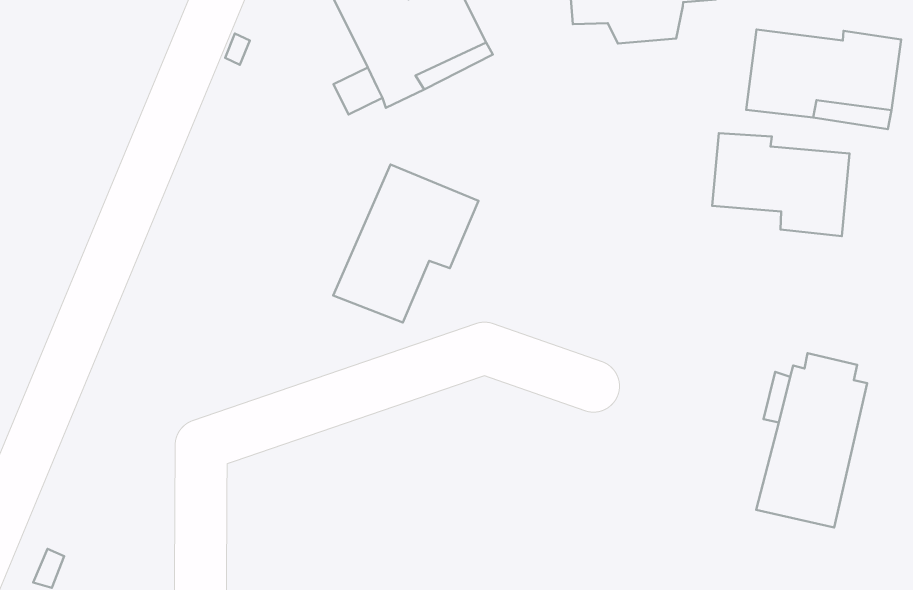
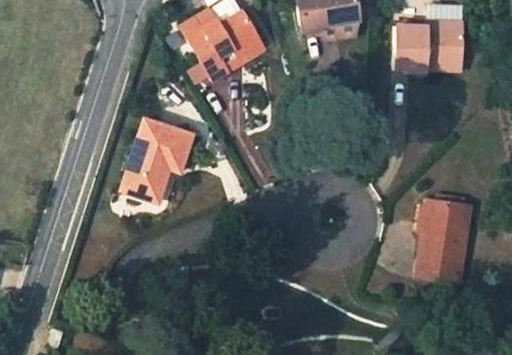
building: [712,133,850,236] -> none
building: [333,165,479,322] -> [121,120,192,201]

